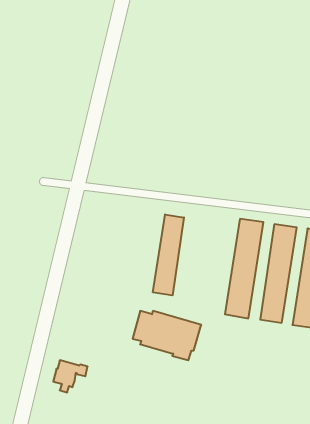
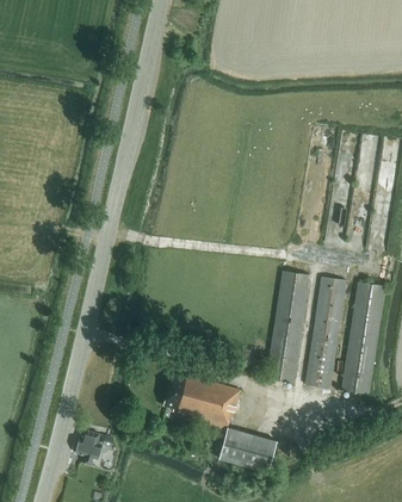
building: [153,214,184,295] -> none
building: none -> [218,426,277,472]

